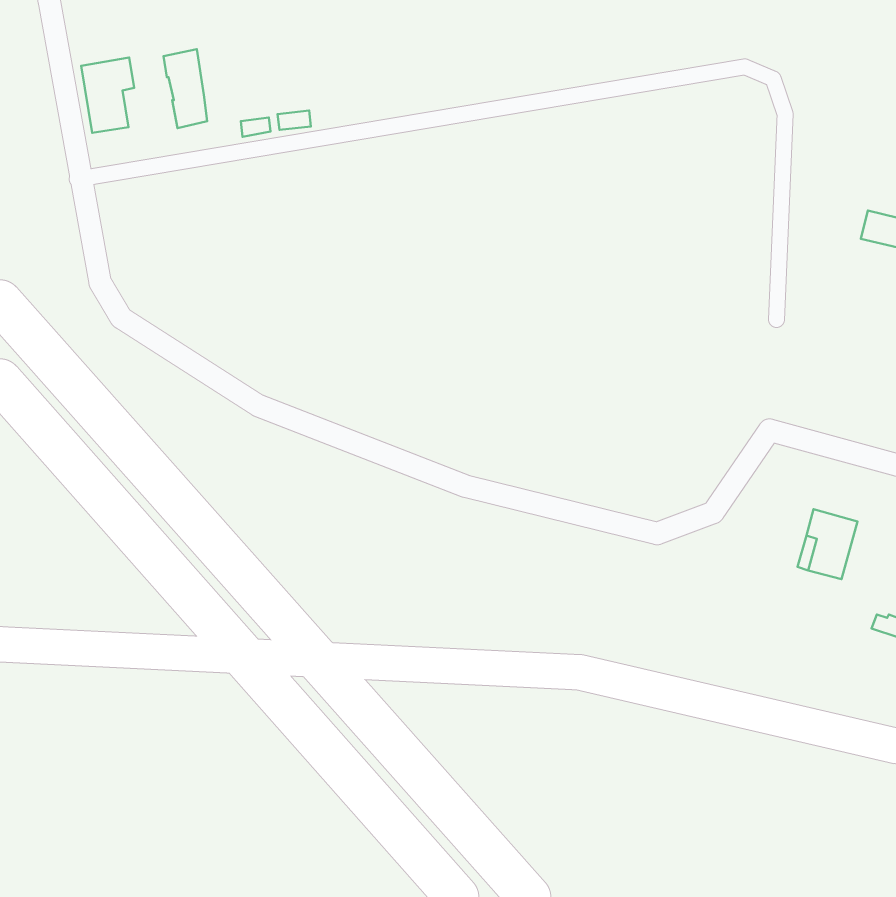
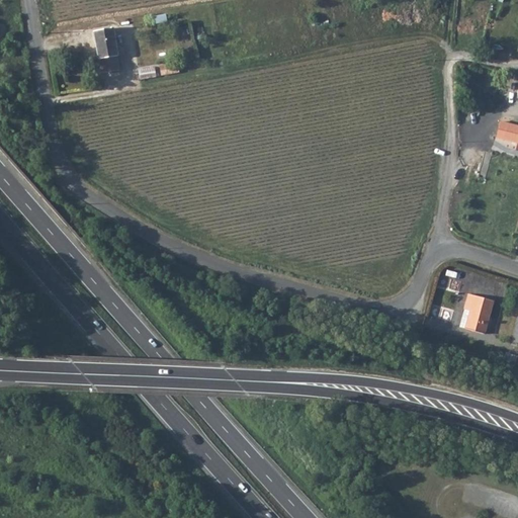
building: [81,58,134,133] -> none

